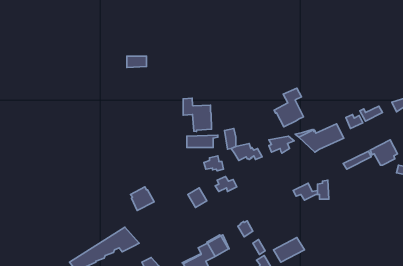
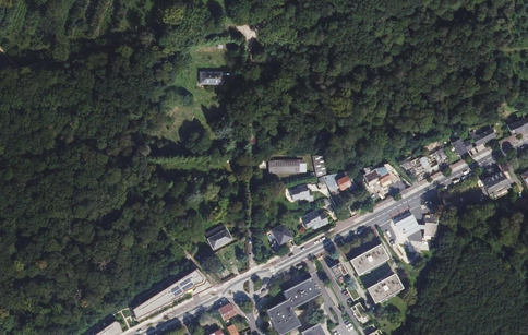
building: [274,88,304,127] -> none
building: [183,98,212,131] -> none
building: none -> [348,244,385,274]

